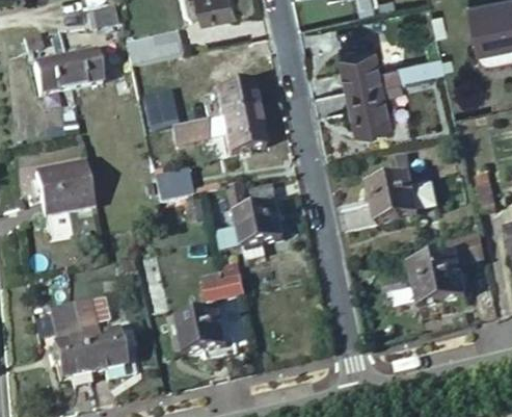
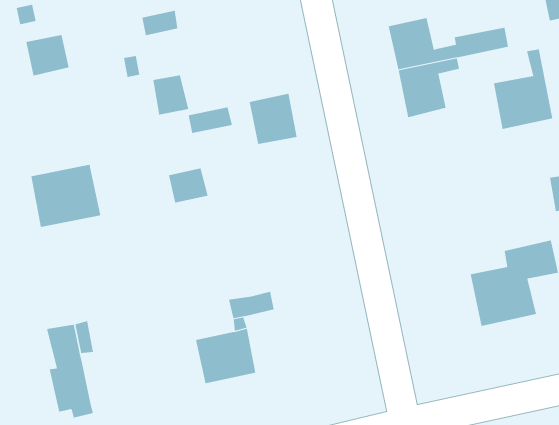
building: [62,53,101,88] -> none
building: [214,81,255,118] -> none
building: [369,157,420,226] -> [493,49,553,129]
building: [227,181,282,247] -> none
building: [80,329,134,375] -> none

